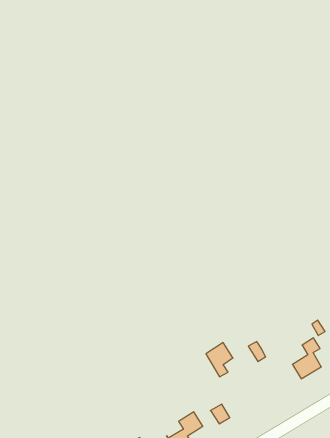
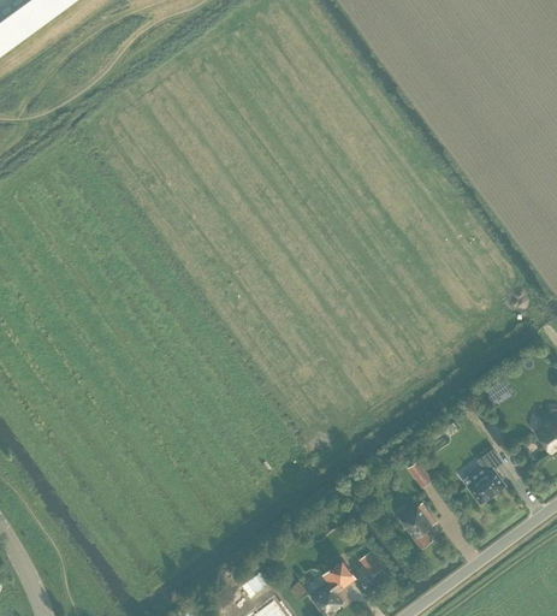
building: [206,343,233,377] -> [399,502,435,547]

